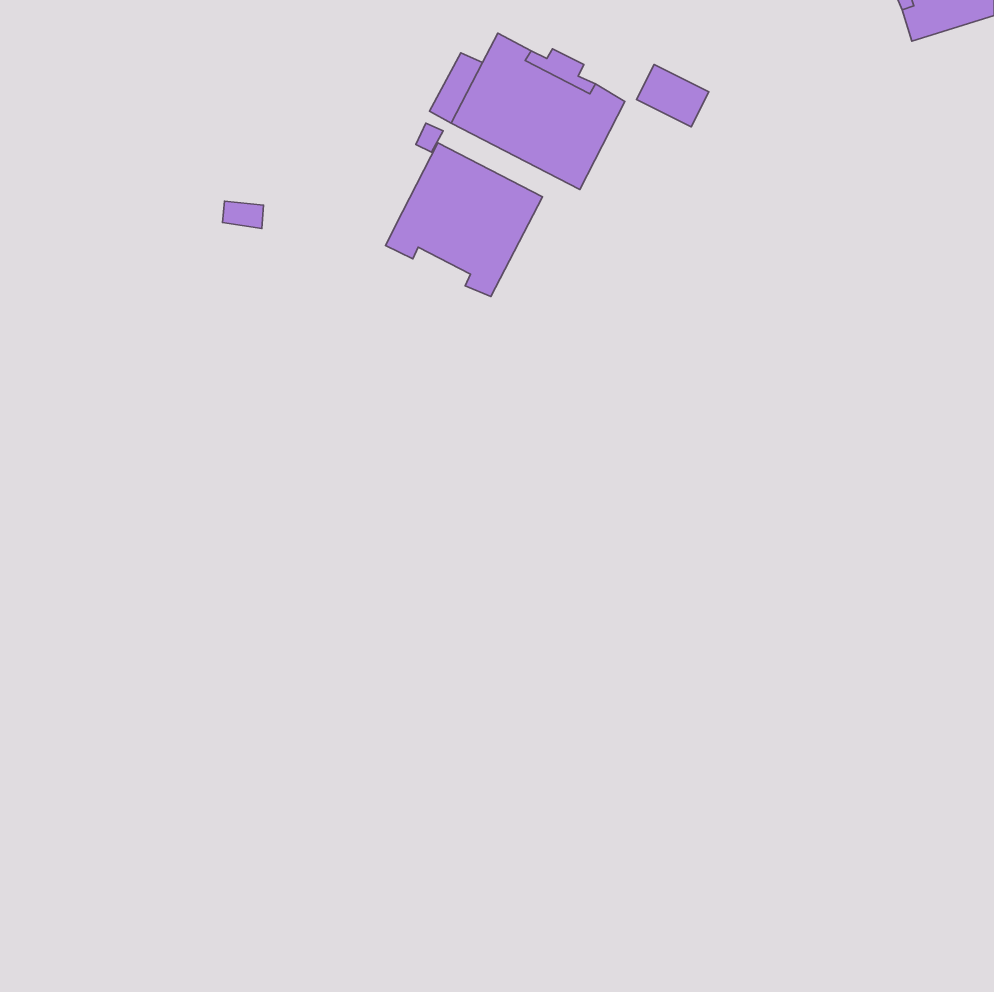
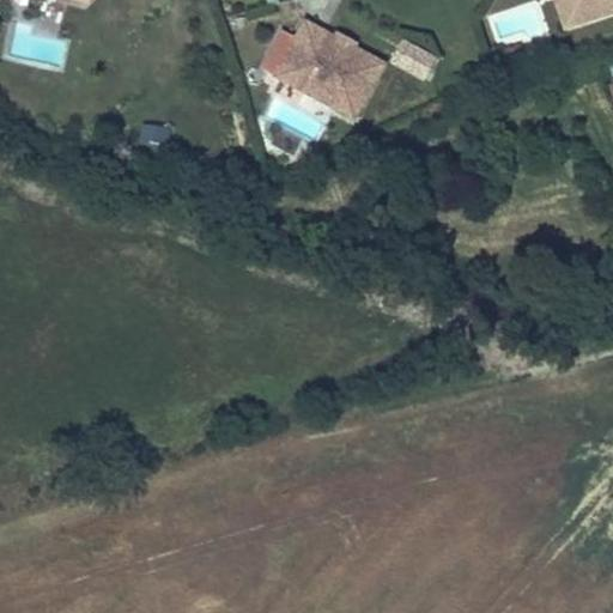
building: [385,143,543,296] -> none

